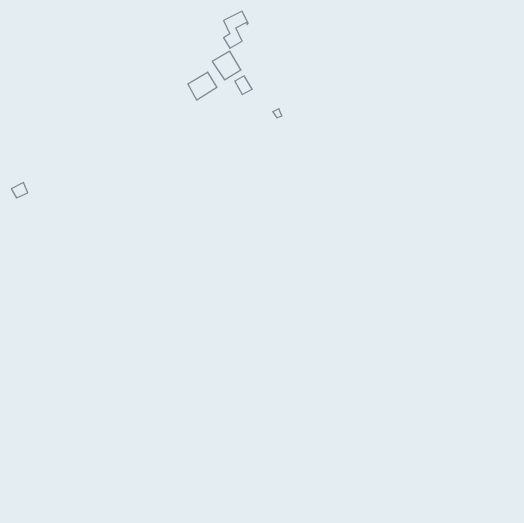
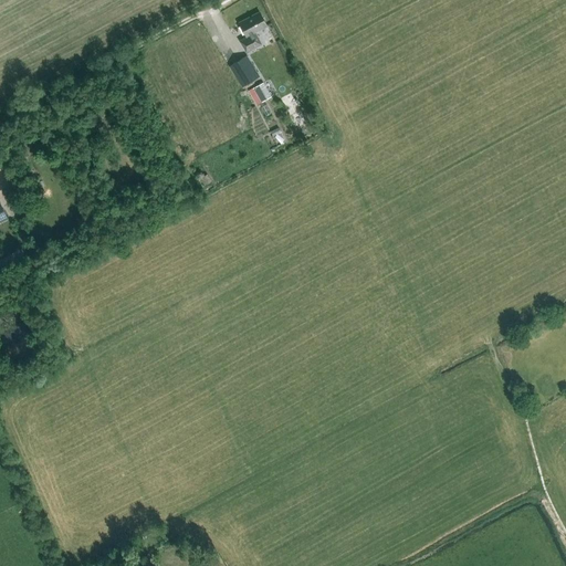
building: [188,72,217,100] -> none

